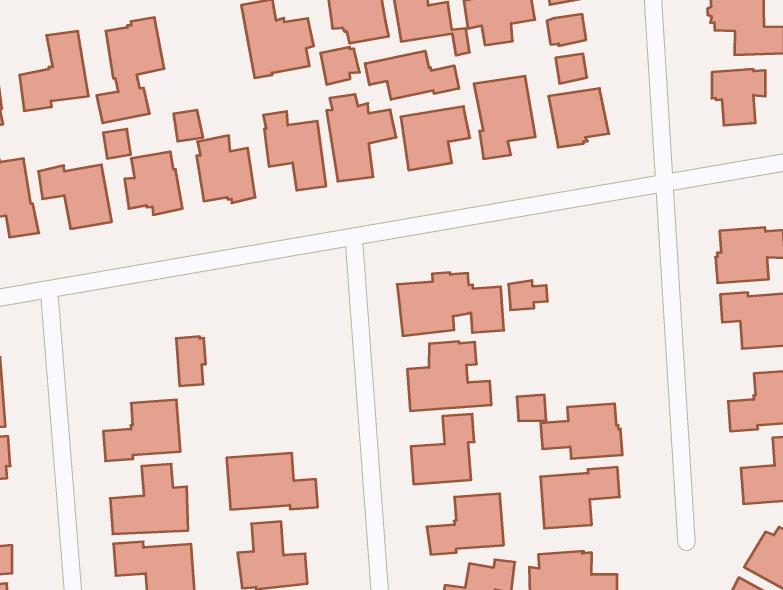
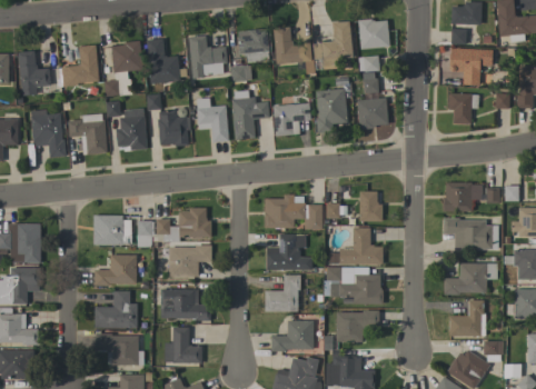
building: none -> [146,39,179,83]
building: [365,51,459,100] -> none
building: none -> [359,191,381,221]
building: none -> [156,208,211,241]
building: none -> [339,228,383,263]
building: none -> [93,215,131,245]
building: none -> [169,246,211,277]

